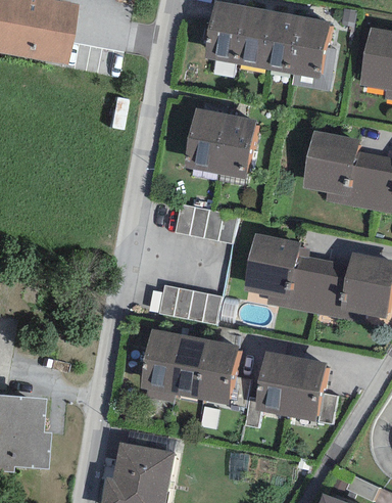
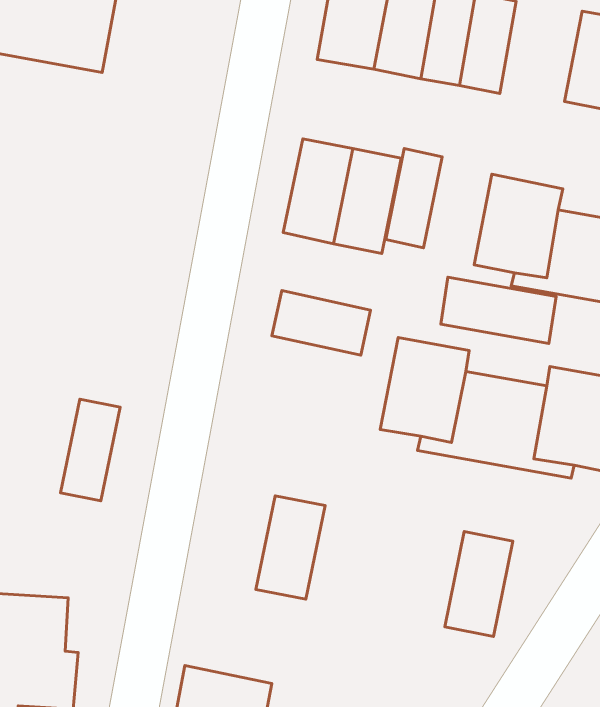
building: none -> [386,149,442,248]
building: none -> [441,277,556,344]
building: [158,284,222,325] -> none
building: [139,328,177,393] -> [60,399,120,501]
building: [196,339,239,406] -> none
building: [252,350,296,416] -> none

